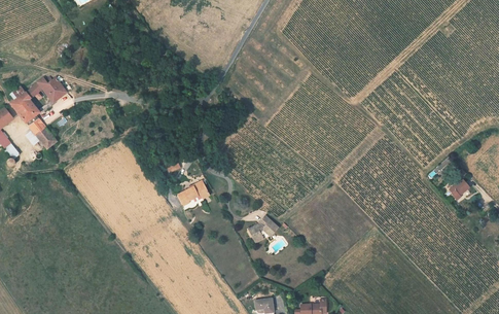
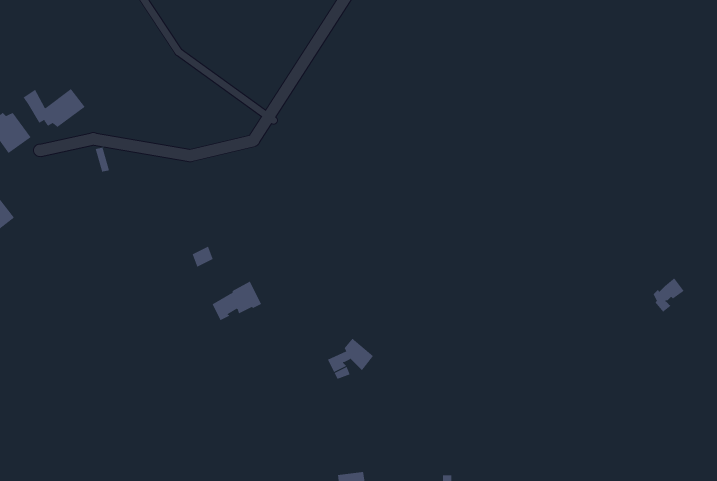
building: none -> [23,88,86,128]

